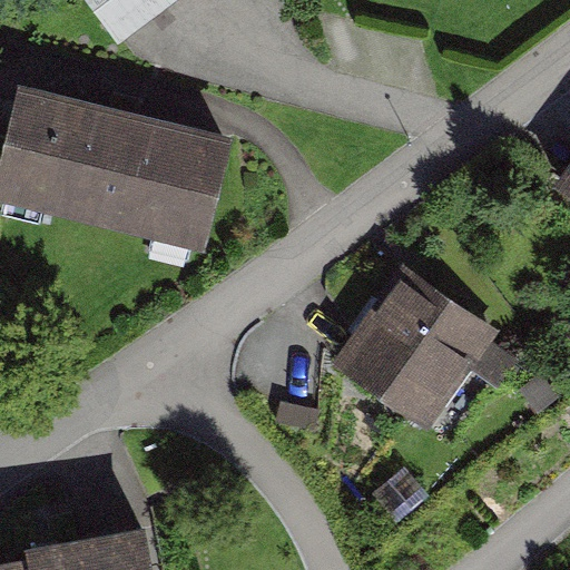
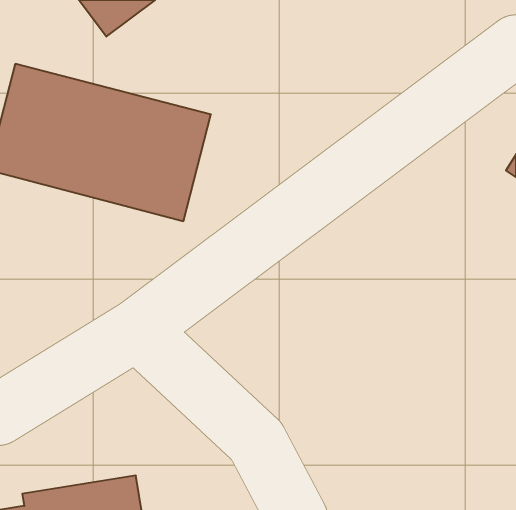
building: [334,275,494,438] -> none

